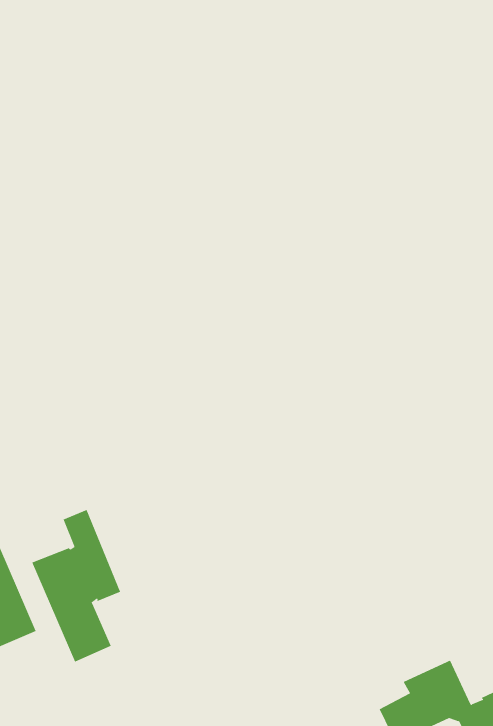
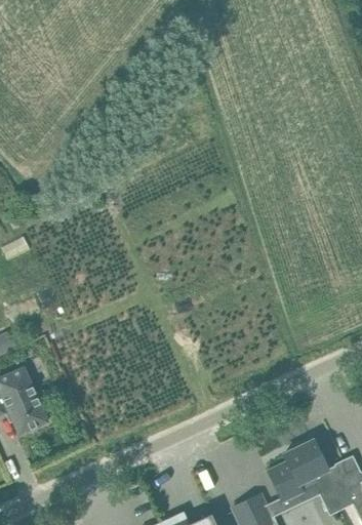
building: [31,509,121,662] -> none

